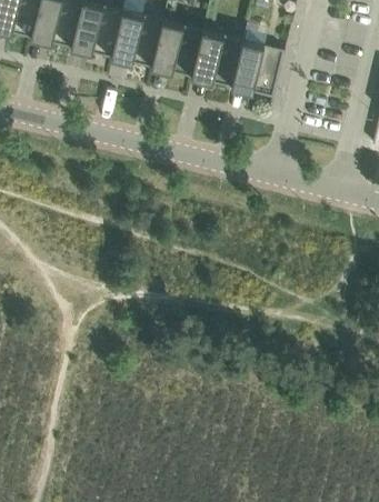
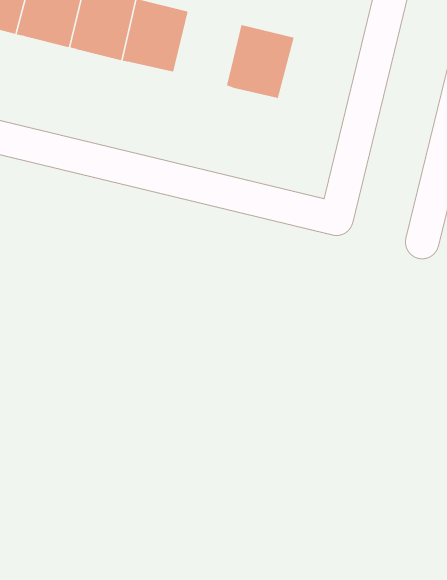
building: [148,19,199,76] -> none
building: [228,39,281,96] -> none

